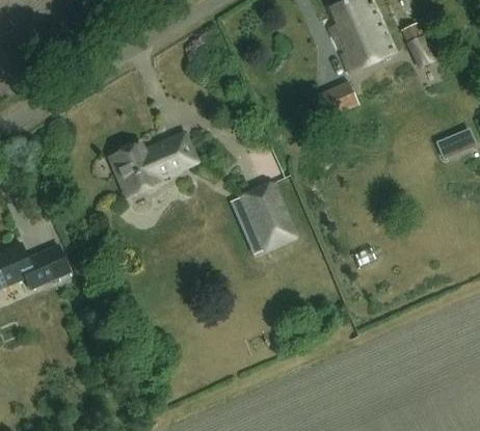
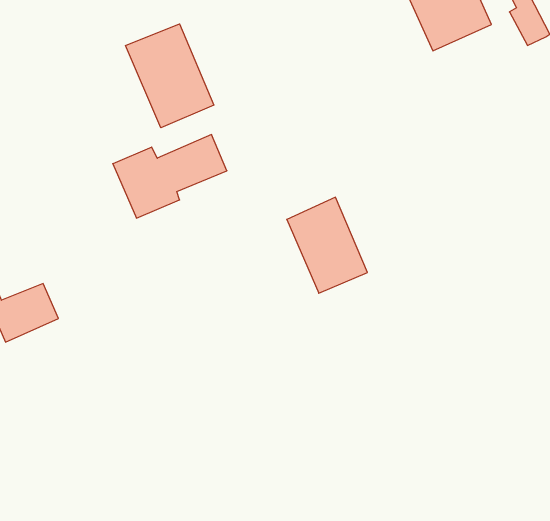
building: none -> [125,24,214,128]
building: [317,81,357,117] -> none

